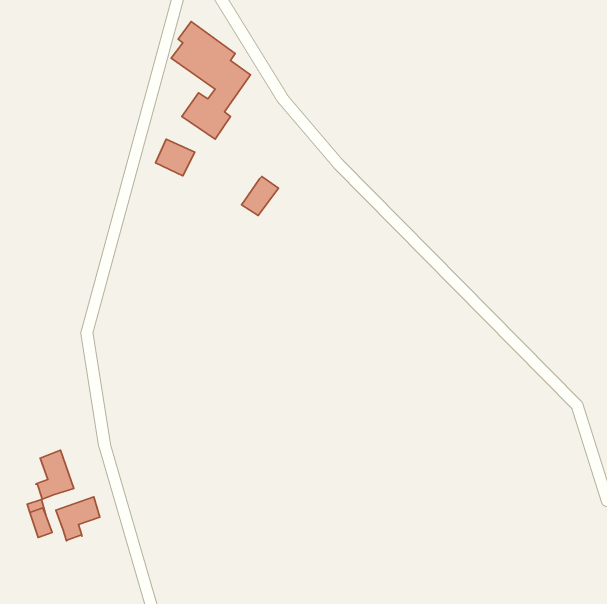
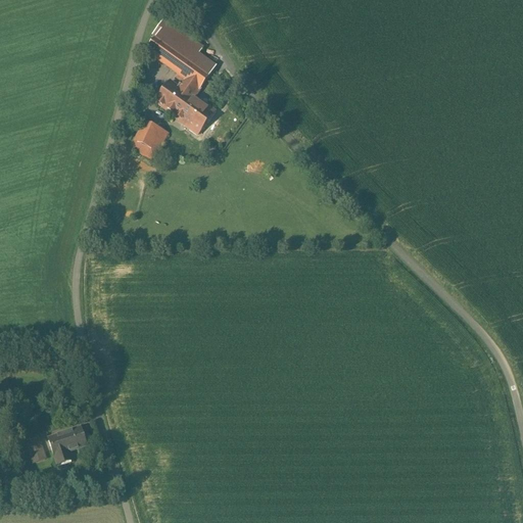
building: [242,176,278,216] -> [183,98,215,132]
building: [36,450,74,499] -> none

